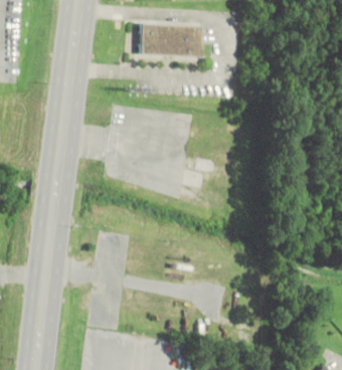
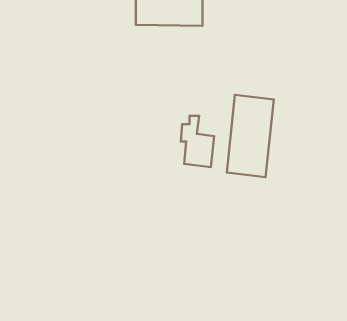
building: none -> [227,95,274,177]

